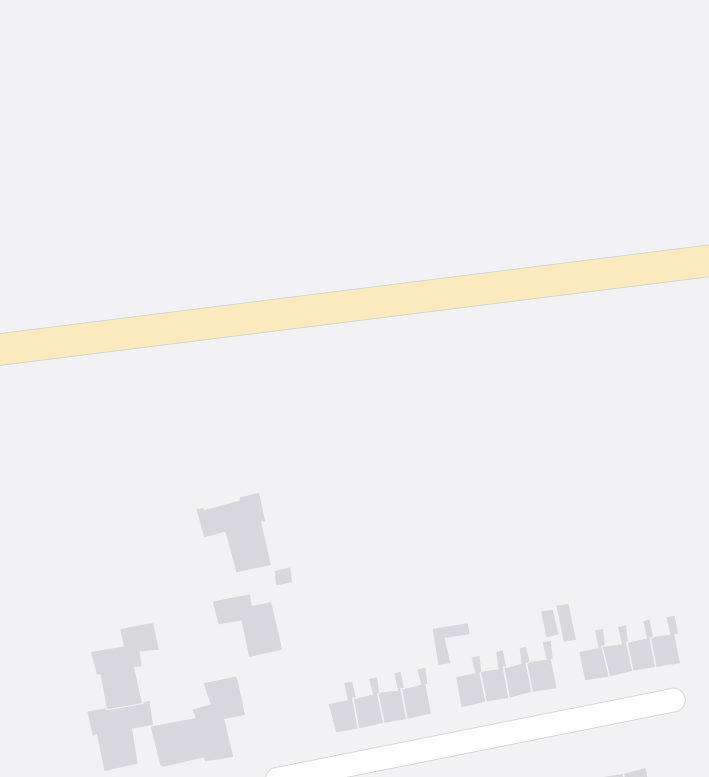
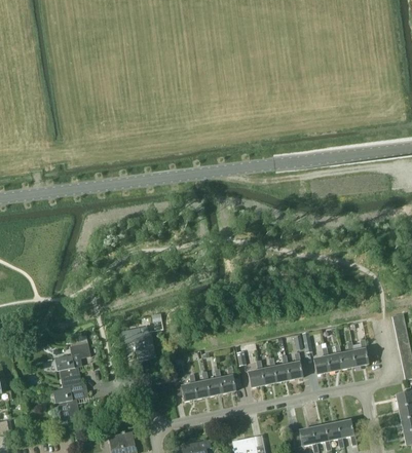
building: [196,492,271,573] -> none
building: [150,676,246,767] -> none

